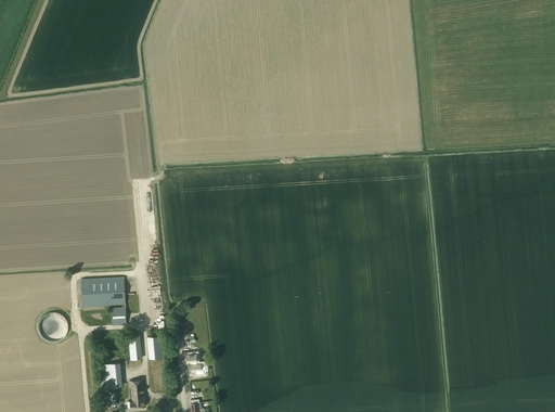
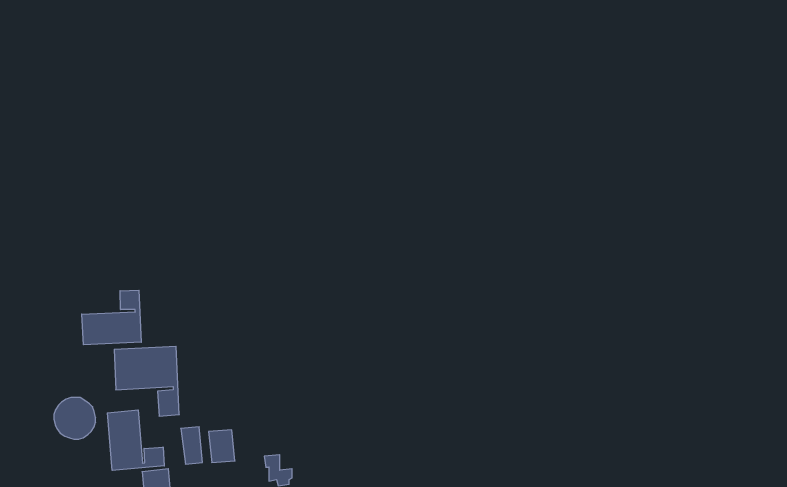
building: none -> [82,290,141,345]
building: none -> [107,410,164,470]

